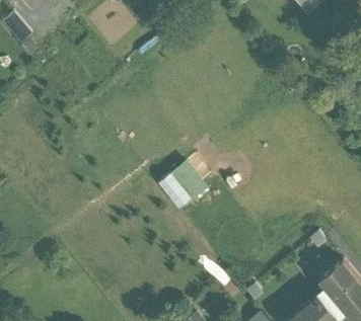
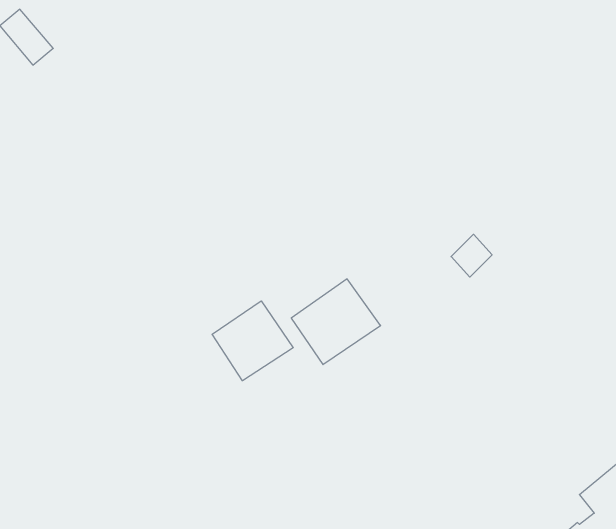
building: none -> [212,301,293,381]

